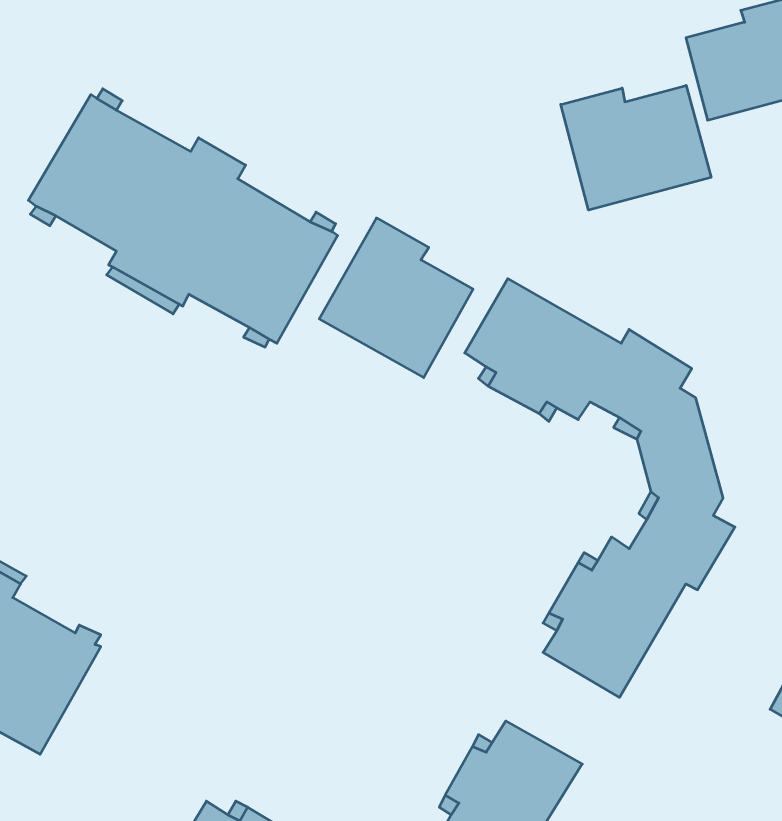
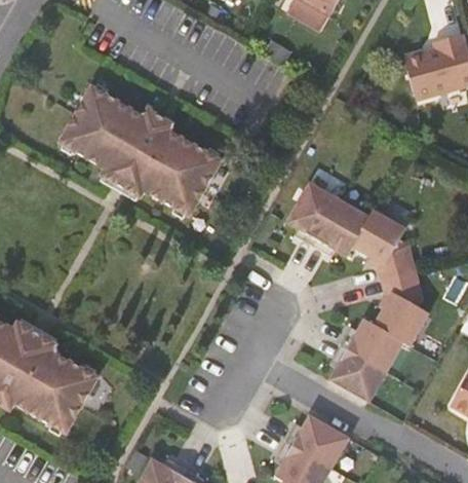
building: [561,85,711,210] -> none
building: [319,218,473,378] -> none

